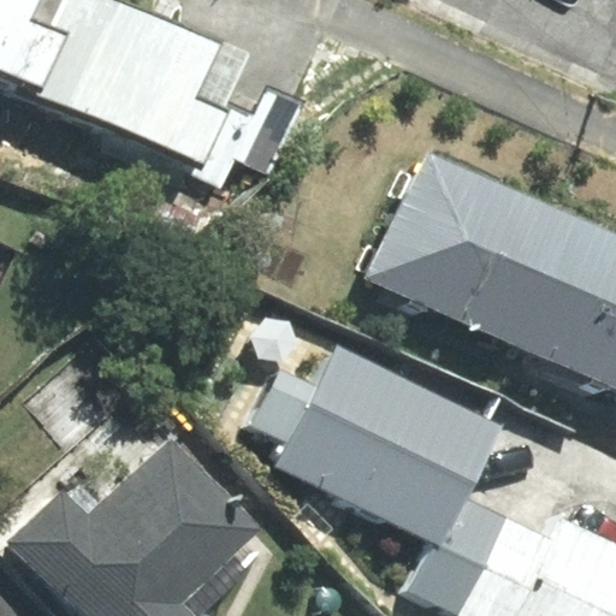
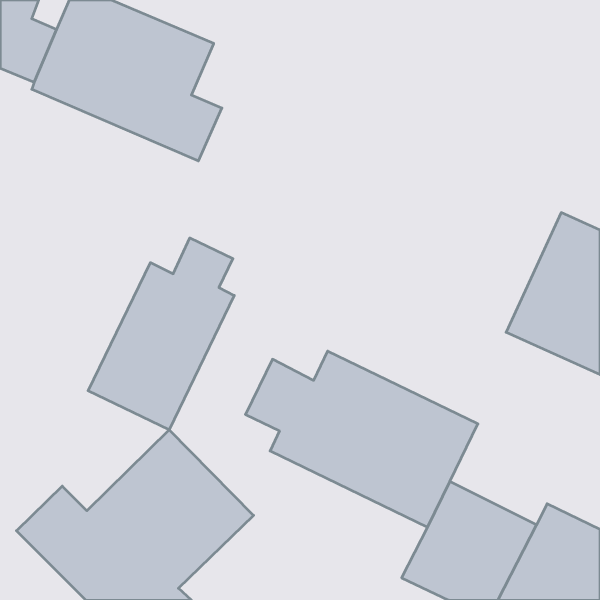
building: [374,152,575,340] -> none
building: none -> [88,238,234,430]

